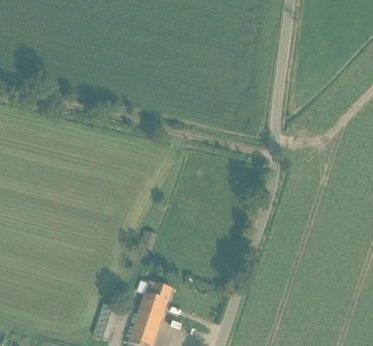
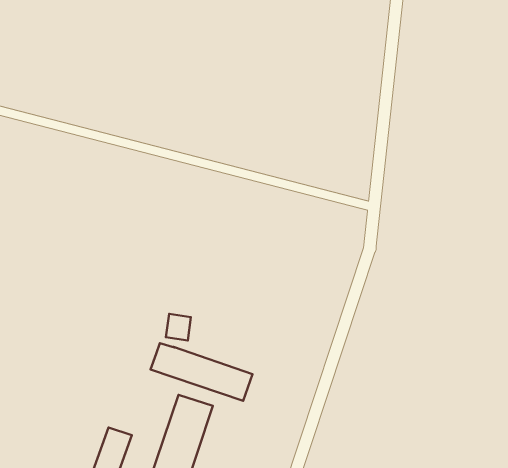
building: none -> [150,343,253,401]

